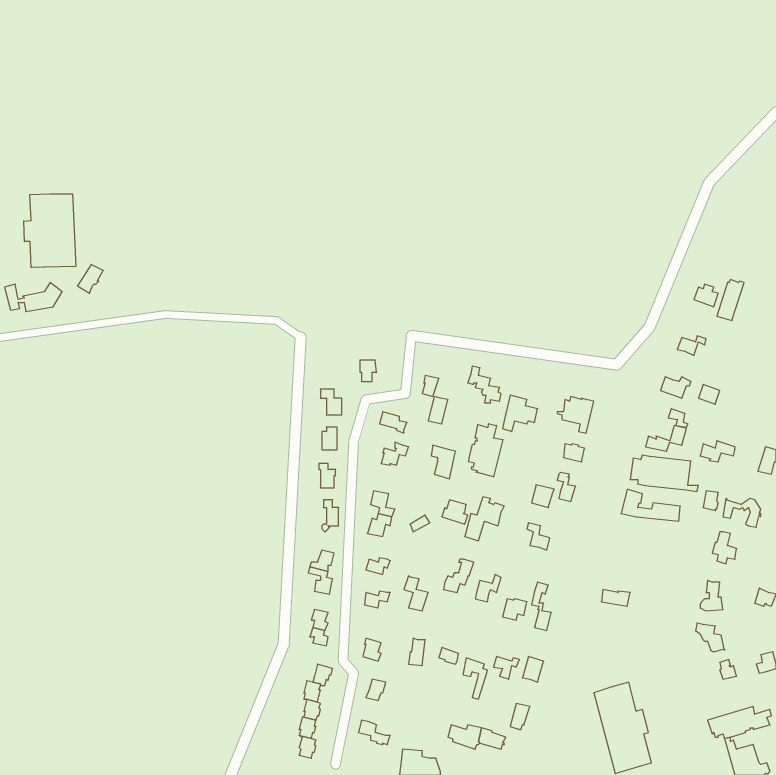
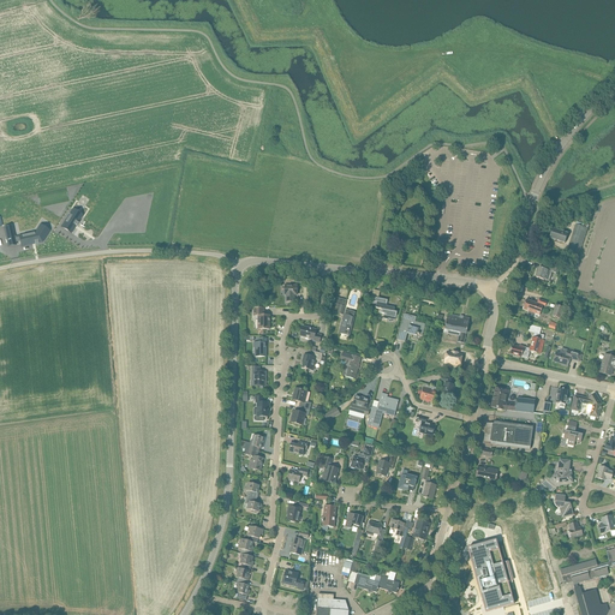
building: [24,194,76,268] -> none
building: [469,424,503,477] -> none
building: [630,455,698,492] -> [485,420,539,449]

